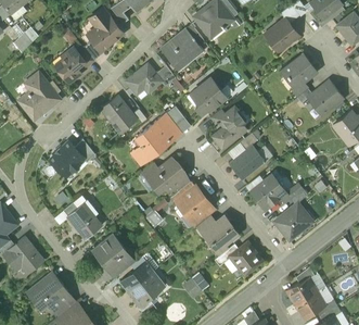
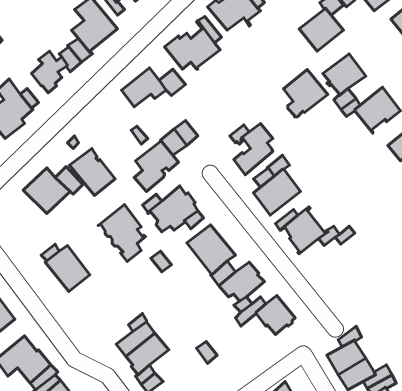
building: [192,77,227,114] -> [284,70,328,117]
building: [100,96,136,133] -> [69,148,115,196]
building: [274,204,312,239] -> none
building: [92,234,129,278] -> [98,205,145,262]

